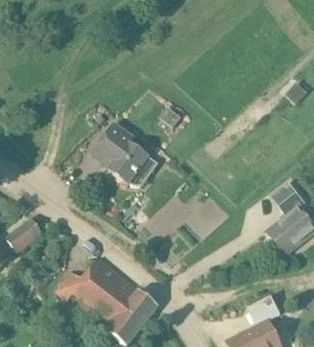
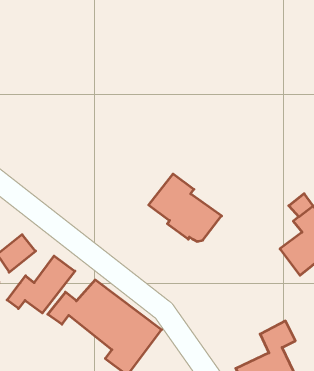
building: [91,122,158,184] -> [149,174,222,241]
building: none -> [7,256,75,313]

